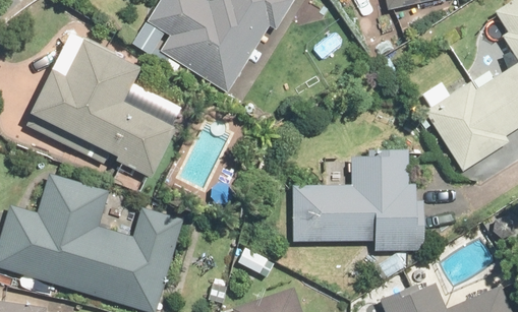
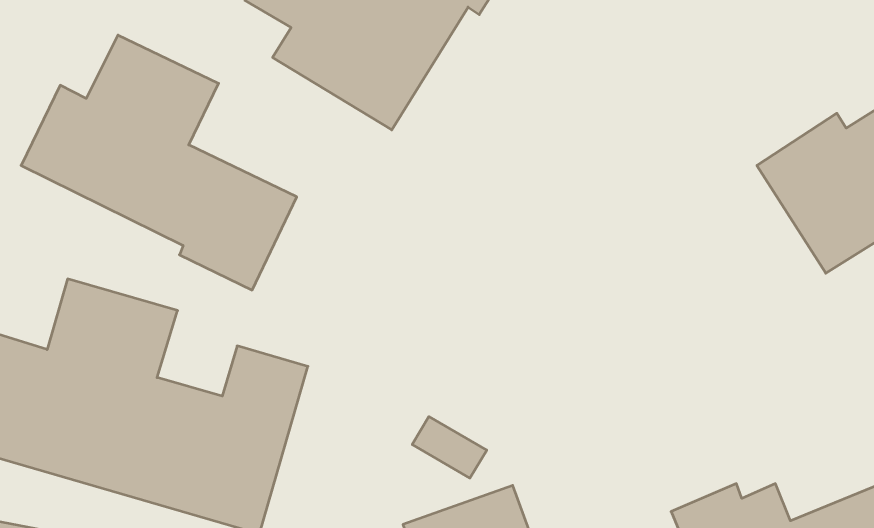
building: [292,150,423,252] -> none

